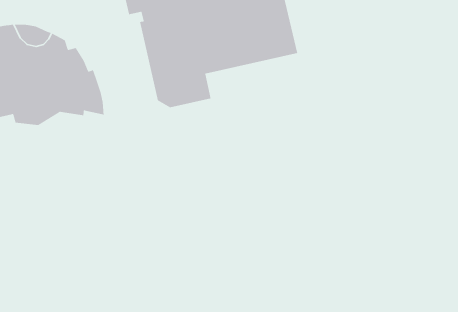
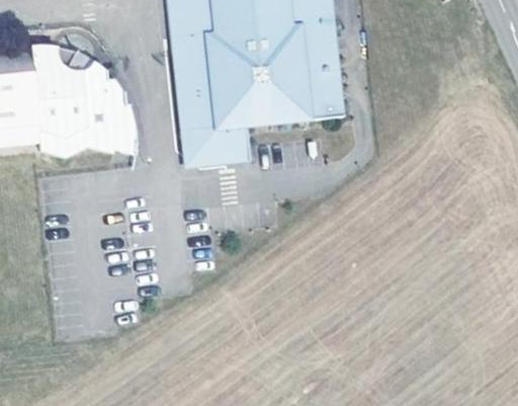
building: none -> [173,52,250,166]

